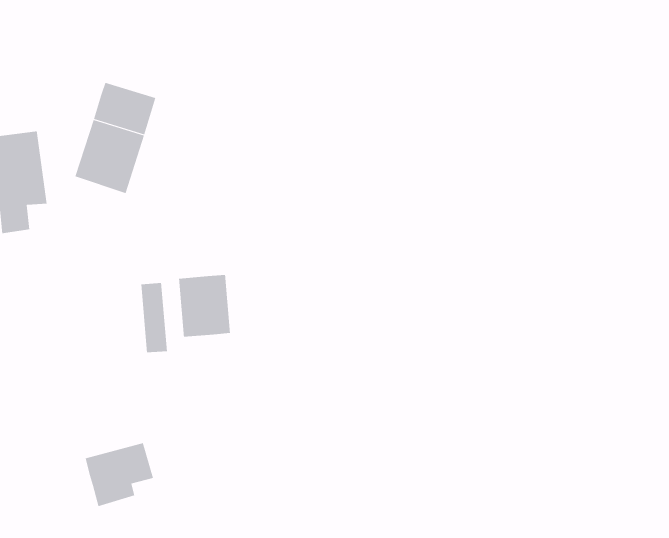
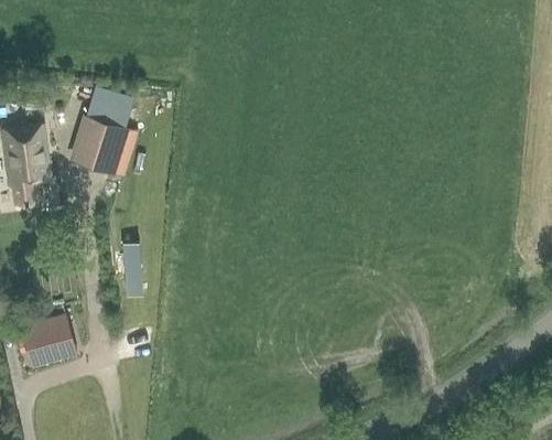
building: [178,274,230,337] -> none
building: [85,442,154,507] -> [20,316,73,366]

